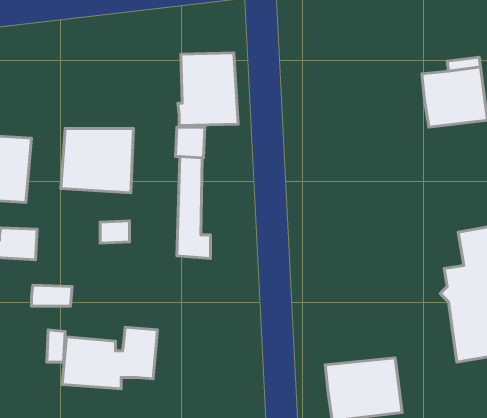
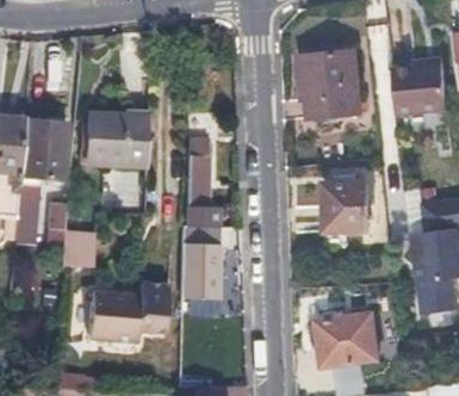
building: [178,53,238,126] -> [306,52,358,115]
building: none -> [321,177,364,228]
building: none -> [181,243,219,297]

